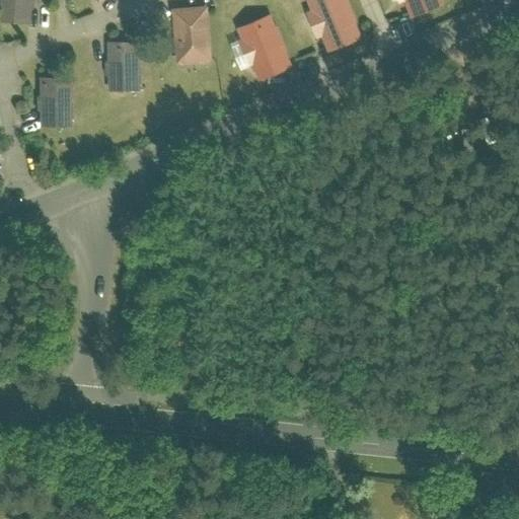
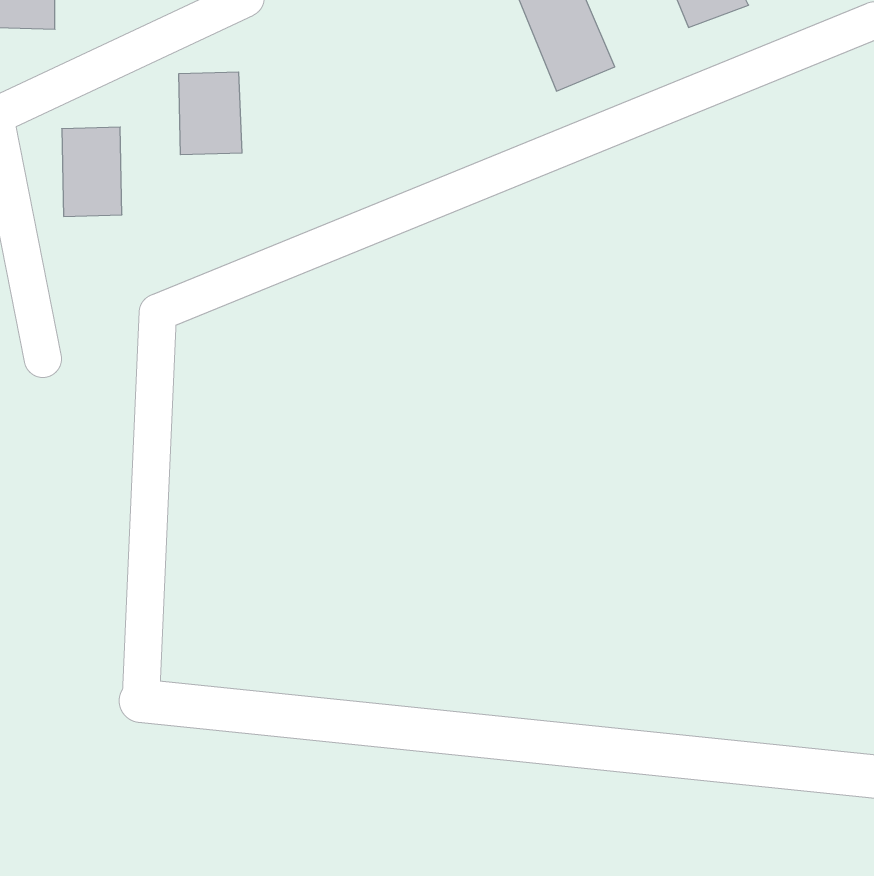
building: [172,7,212,63] -> none
building: [236,12,290,78] -> none

